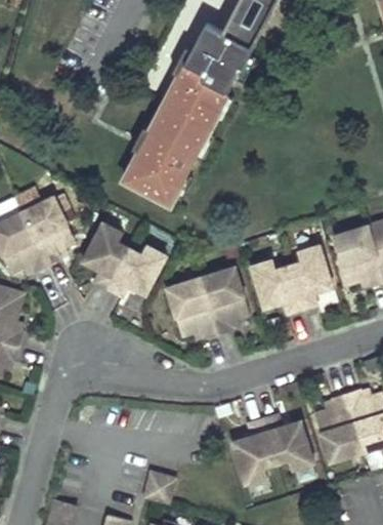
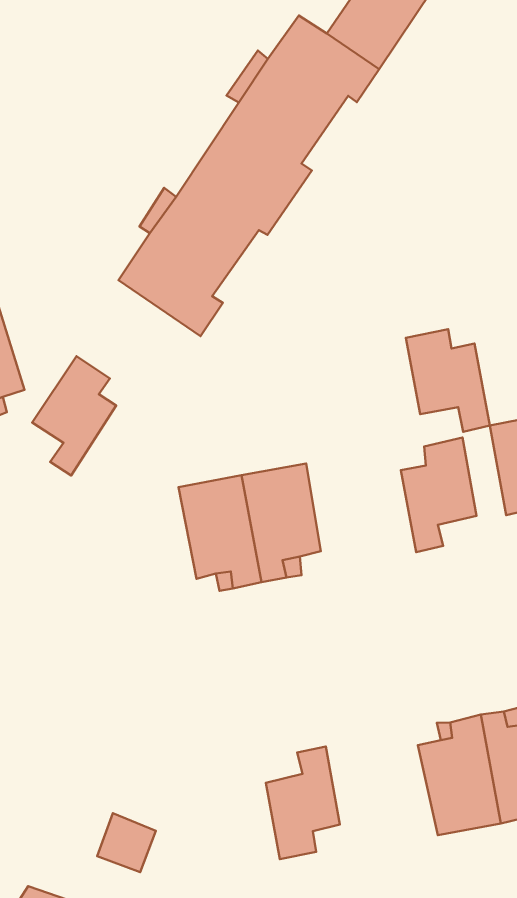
building: [108,243,166,294] -> none
building: [250,258,301,314] -> [406,329,490,432]
building: [263,416,311,471] -> none

